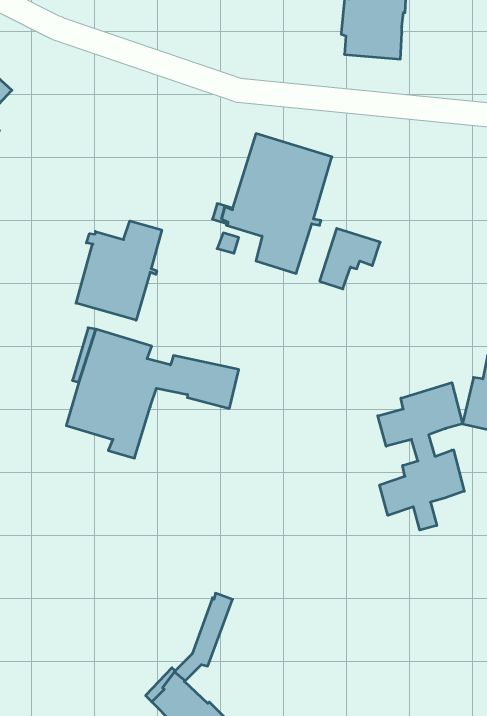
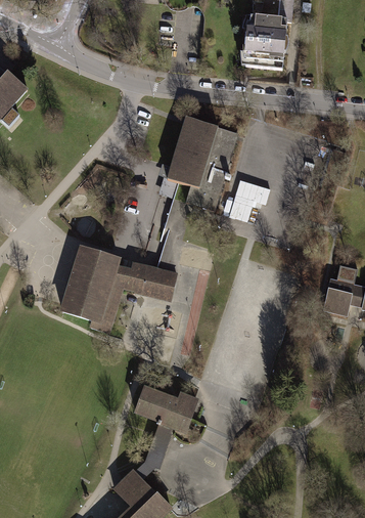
building: [76,221,162,320] -> none
building: [378,383,464,530] -> none
building: none -> [135,388,195,430]

